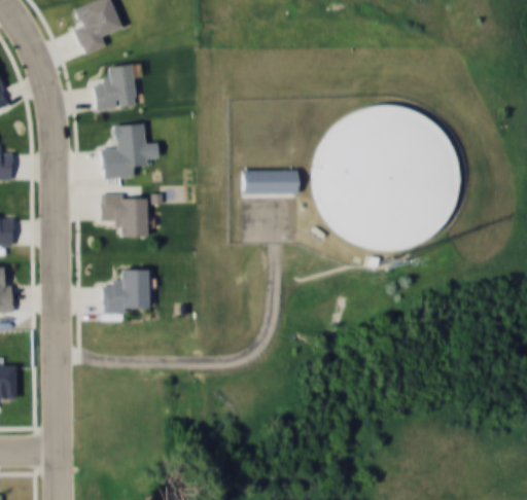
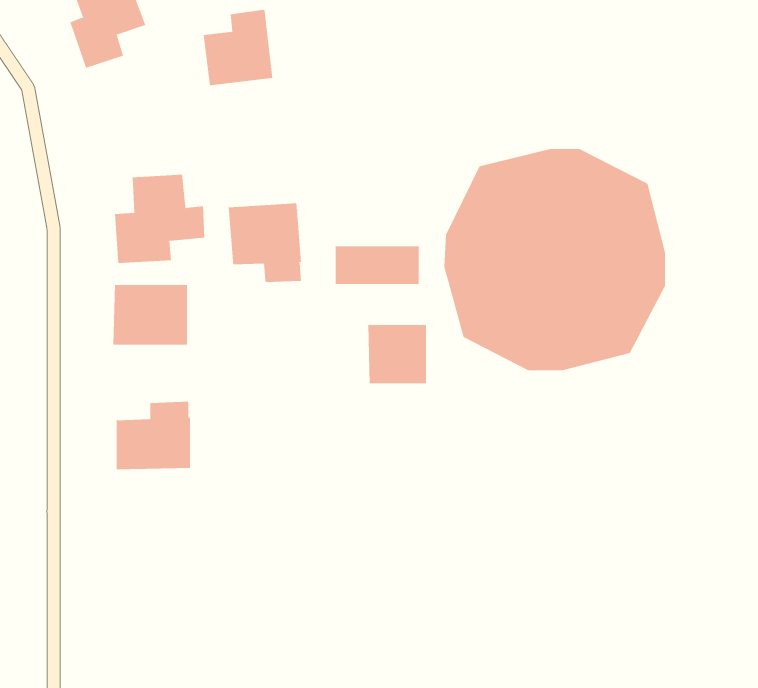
building: [93,63,138,112] -> [203,9,273,86]
building: none -> [228,203,302,283]
building: none -> [368,324,426,384]

